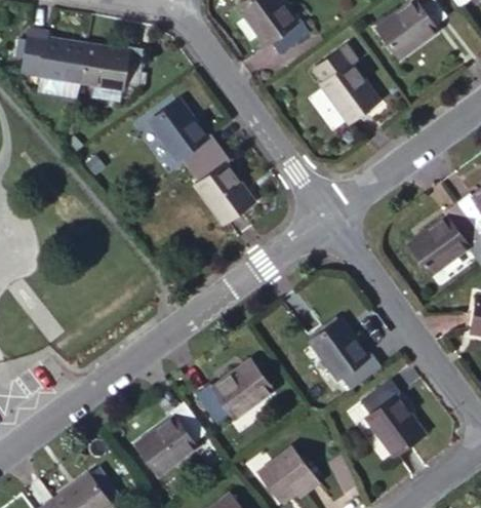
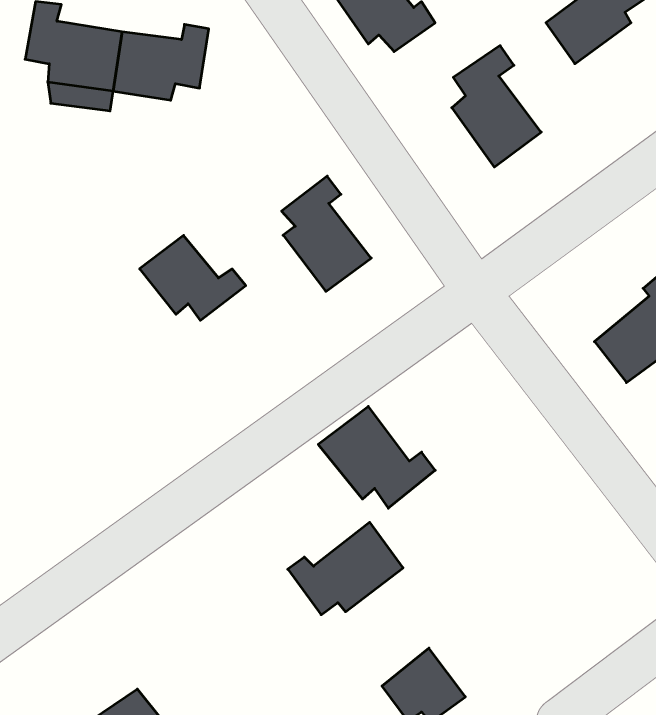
building: [153,97,225,155] -> [140,235,246,320]
building: [302,327,380,396] -> [318,406,435,508]
building: [361,385,424,463] -> none
building: [139,409,208,485] -> none

